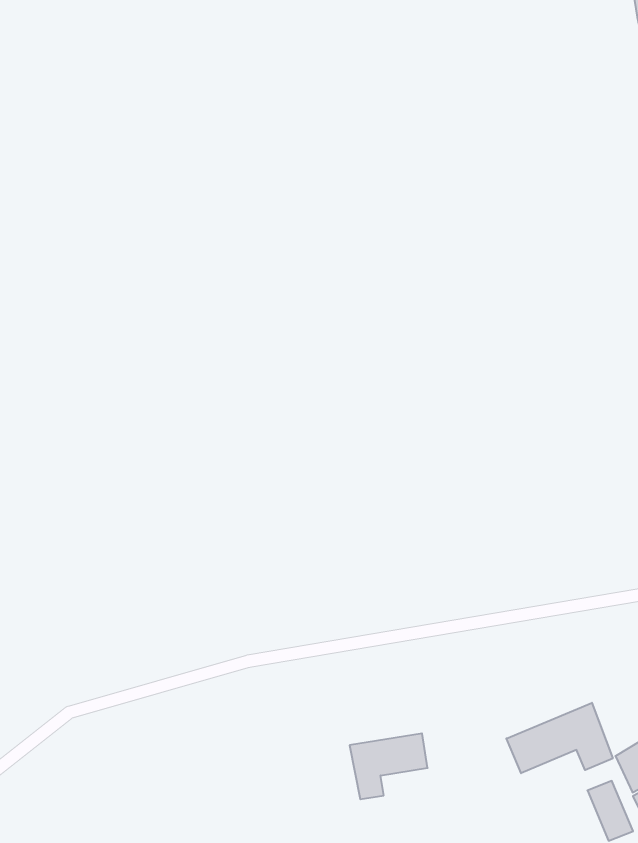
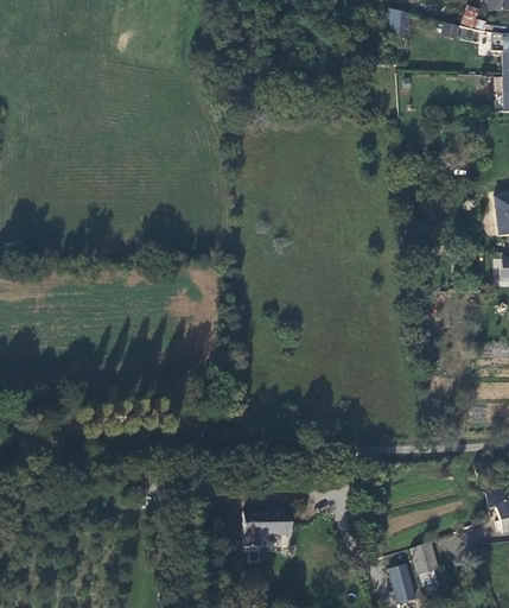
building: [506,703,613,773] -> none

